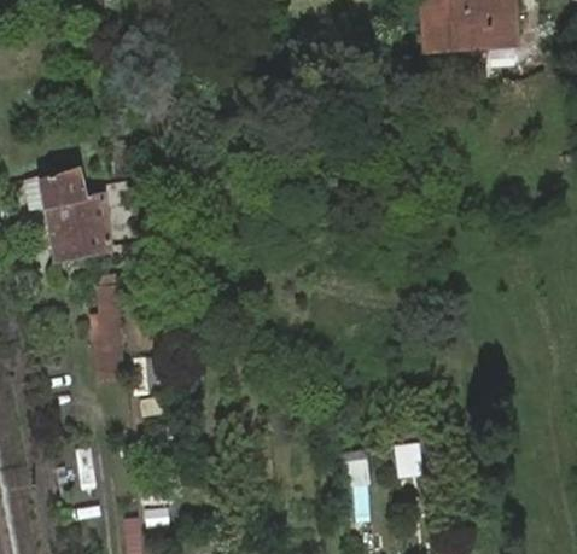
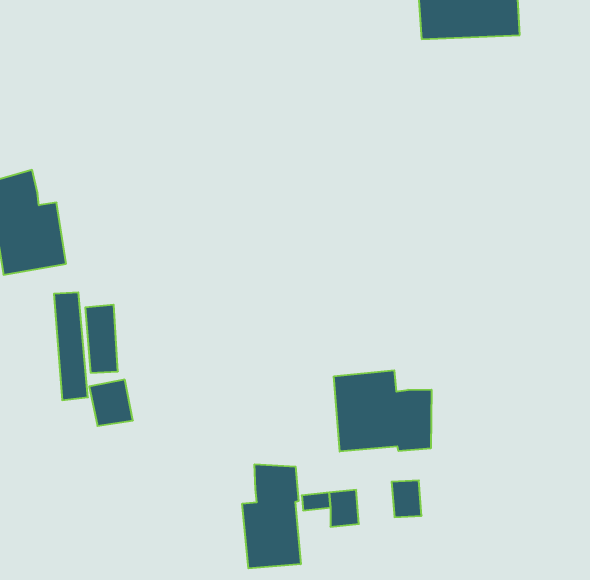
building: none -> [334,370,431,452]
building: none -> [242,464,301,568]

